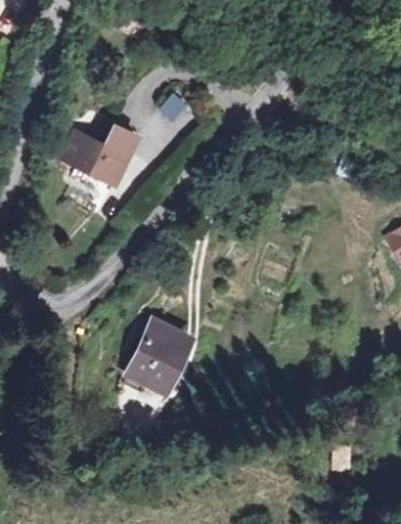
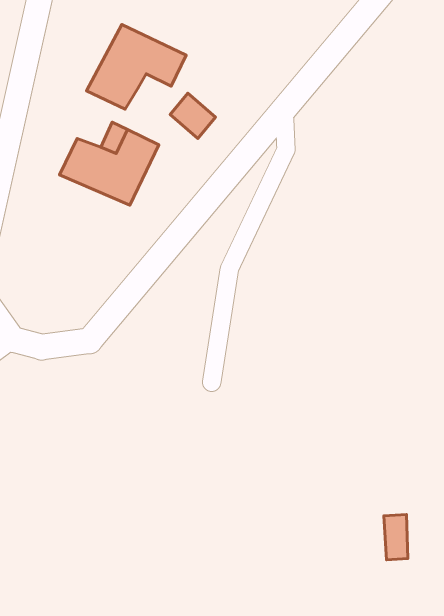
building: none -> [86,24,186,109]
building: [126,329,178,390] -> none

